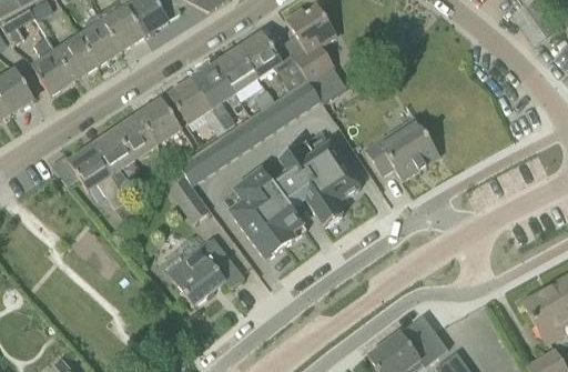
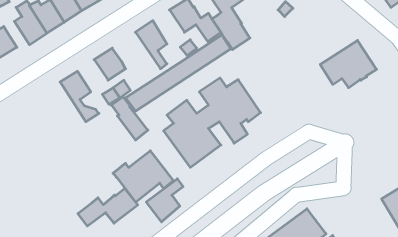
building: [216,48,258,93] -> none
building: [170,78,226,133] -> none
building: [115,114,156,158] -> none
building: [365,115,440,179] -> [320,40,377,88]
building: [69,144,138,222] -> none
building: none -> [146,179,183,222]
building: none -> [78,188,138,226]

